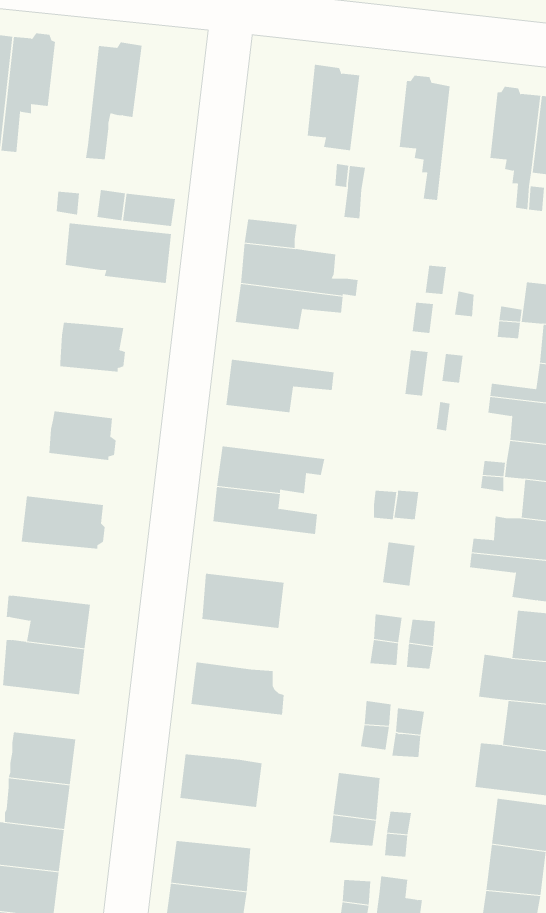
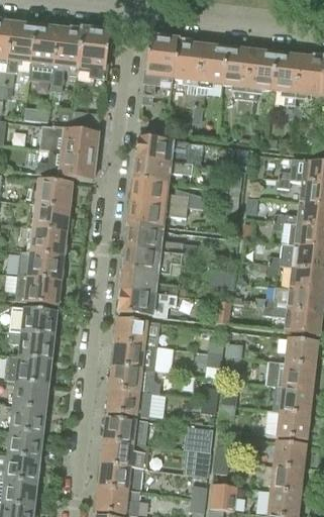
building: none -> [28,23,58,83]
building: none -> [77,28,109,90]
building: none -> [141,35,176,105]
building: none -> [196,43,226,88]
building: none -> [243,48,276,114]
building: none -> [36,150,95,180]
building: none -> [130,180,205,208]
building: none -> [33,204,70,232]
building: none -> [125,225,196,255]
building: none -> [18,250,65,280]
building: none -> [117,289,177,317]
building: none -> [8,305,57,334]
building: none -> [111,342,156,371]
building: none -> [11,380,47,408]
building: none -> [106,389,150,417]
building: none -> [100,440,149,469]

